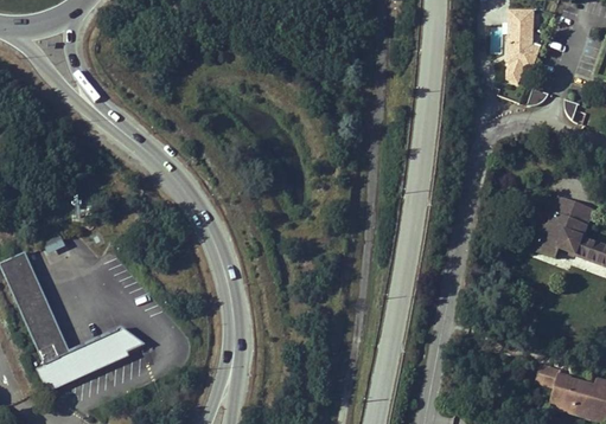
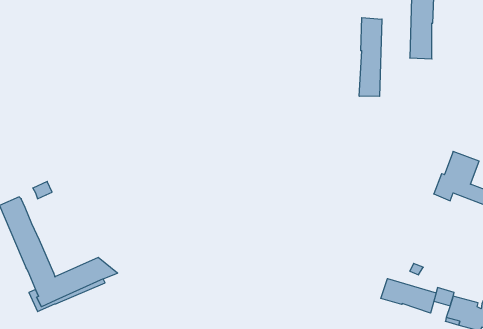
building: none -> [359,18,382,96]
building: none -> [381,279,436,313]

